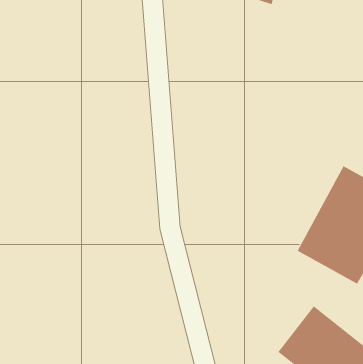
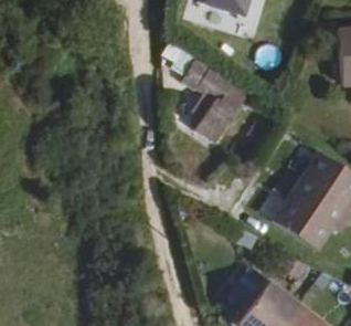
building: none -> [172,59,230,143]

